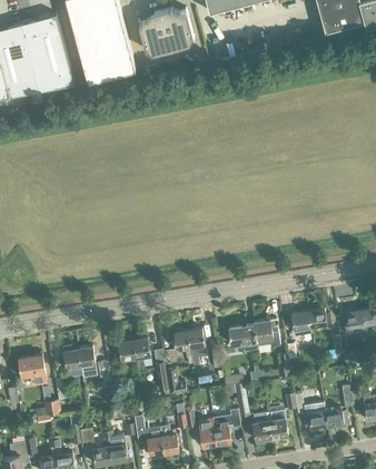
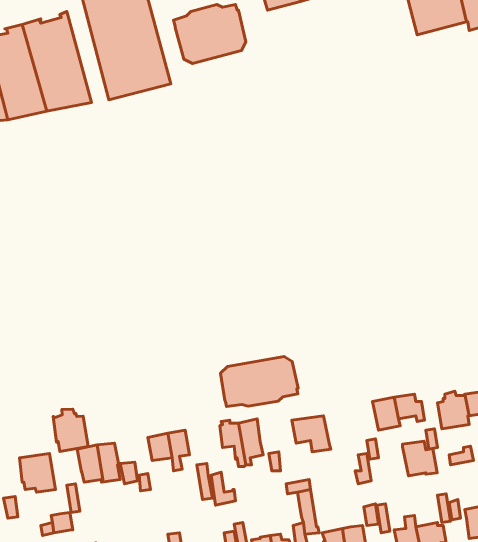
building: none -> [220,357,298,407]
building: none -> [53,409,88,452]
building: [253,321,279,348] -> [403,441,437,476]

